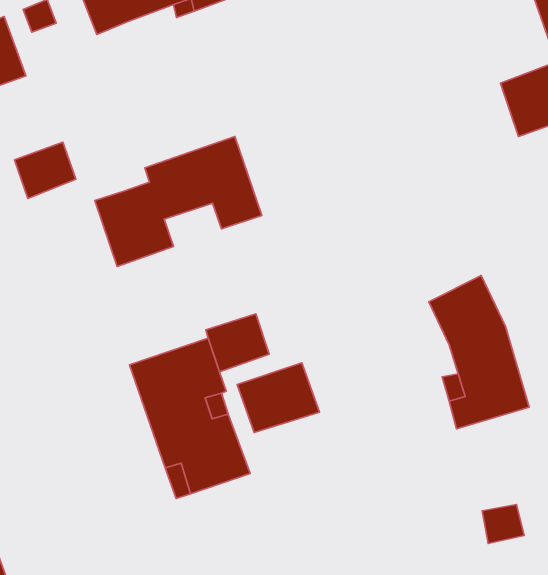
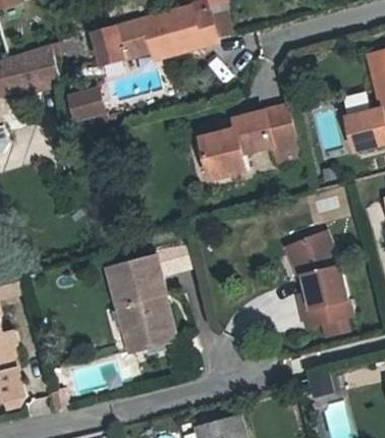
building: [95,137,262,266] -> [197,104,298,177]
building: [15,142,76,198] -> [67,88,104,120]
building: [237,363,320,432] -> none

